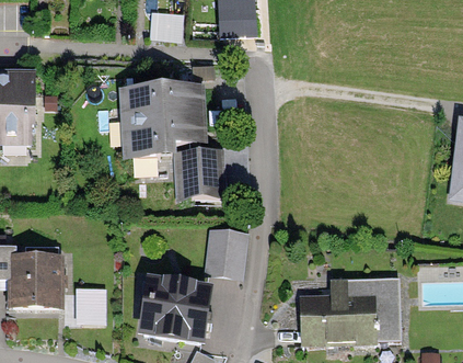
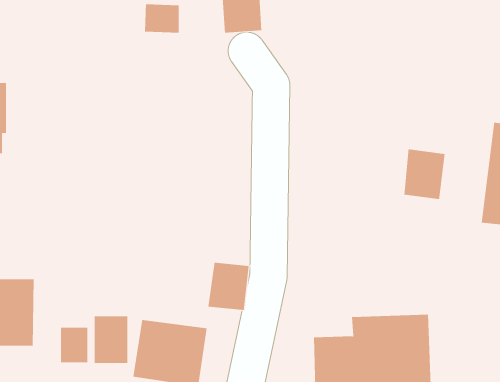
building: [125,87,200,157] -> none
building: none -> [404,149,445,200]
building: [187,149,222,198] -> none
building: none -> [94,315,128,364]

